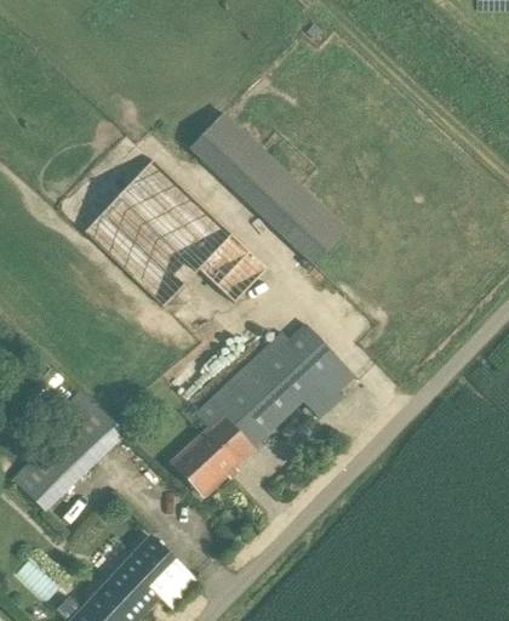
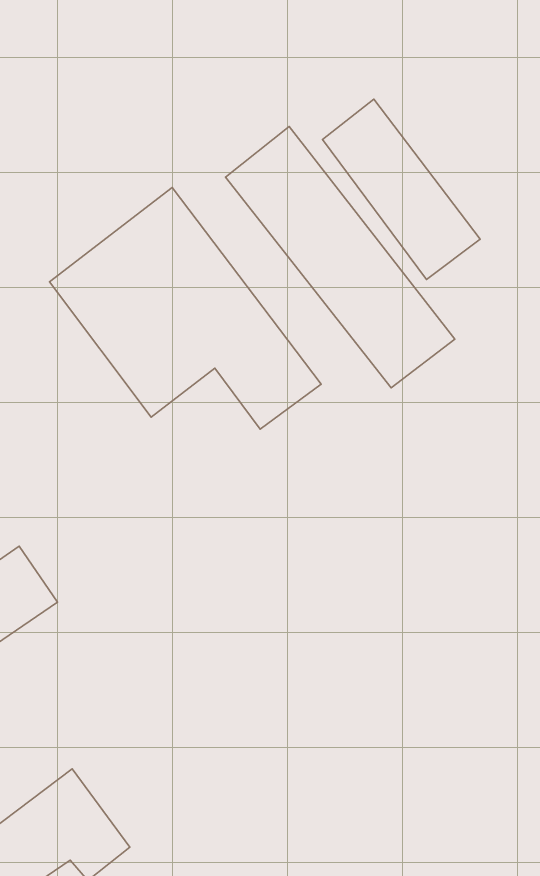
building: none -> [322,99,480,279]
building: [172,324,354,496] -> none

